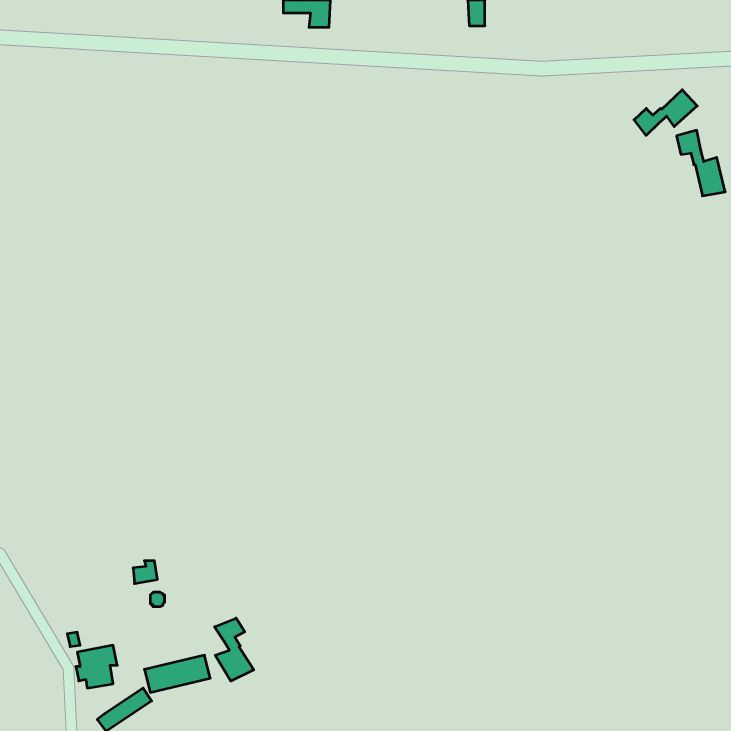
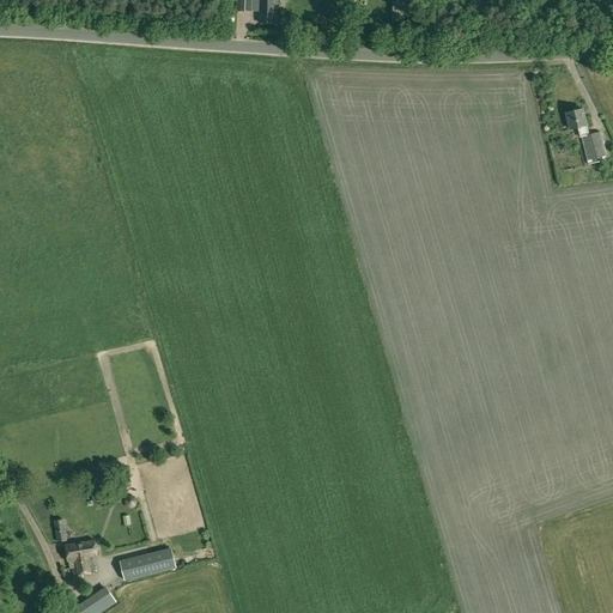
building: [634,90,697,135] -> none
building: [215,618,254,681] -> none

